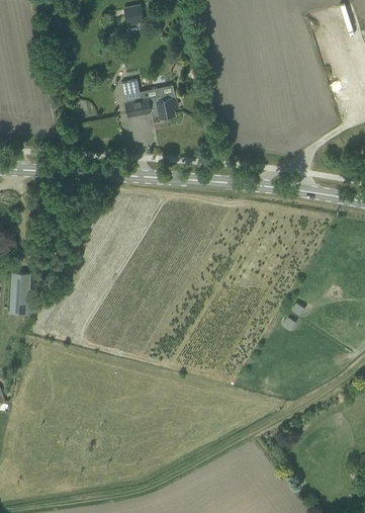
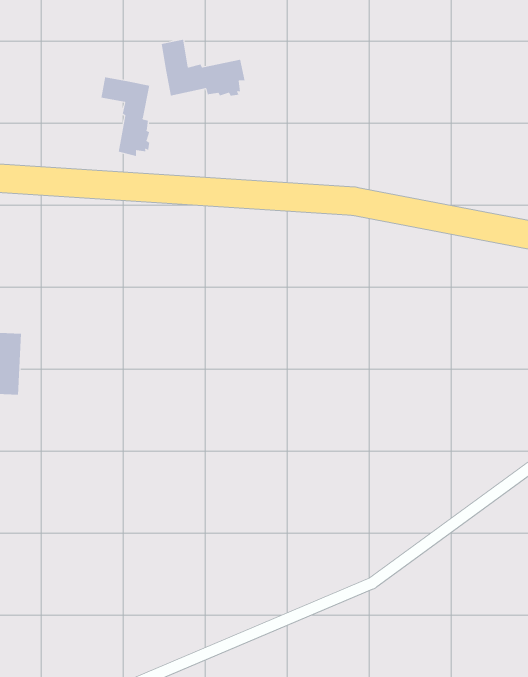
building: none -> [101,76,150,157]

